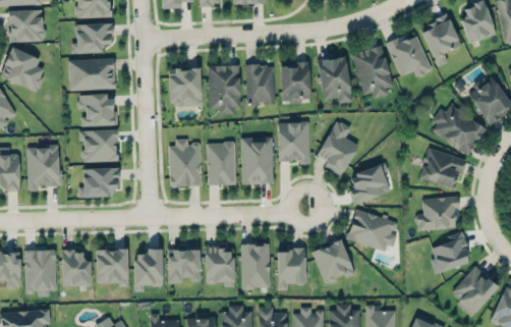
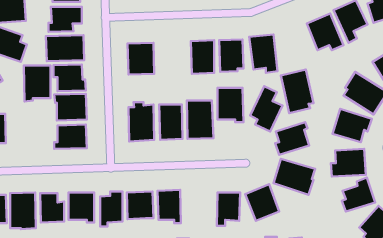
building: [352,46,392,99] -> [281,70,313,113]
building: [208,65,240,115] -> none
building: [26,147,59,190] -> [24,65,50,101]
building: [240,243,269,288] -> none

